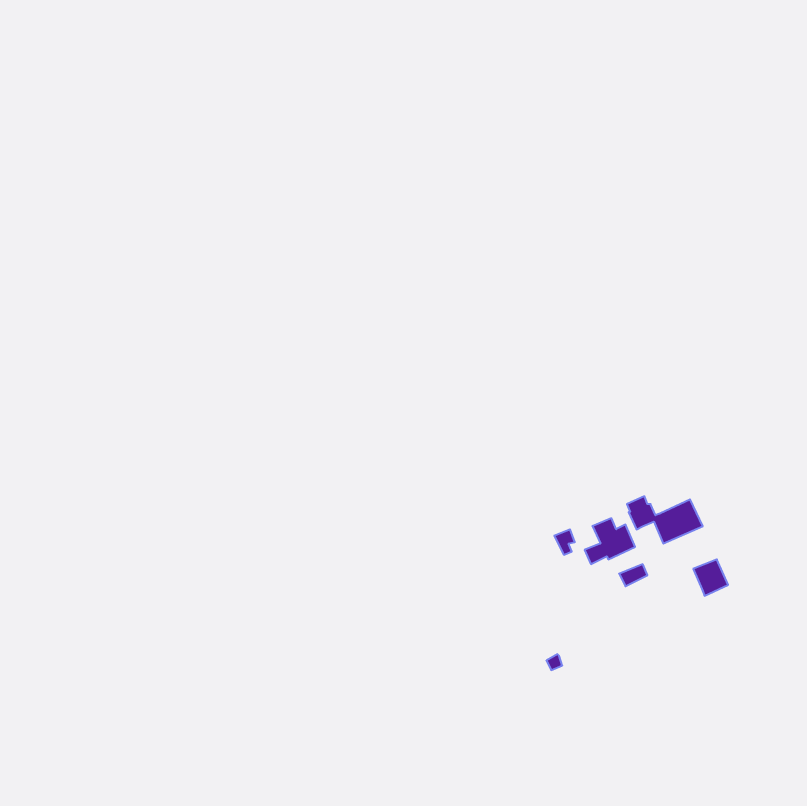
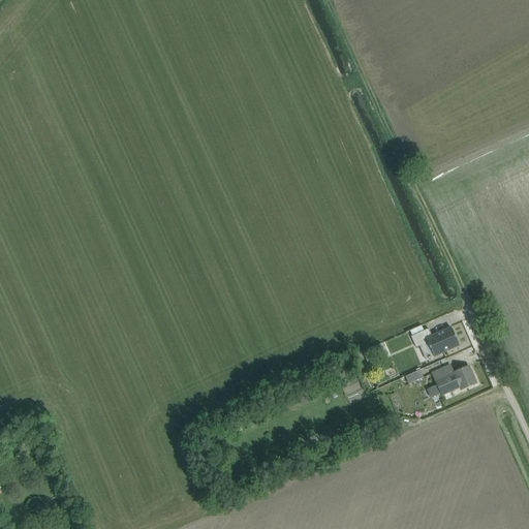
building: [585,518,635,564] -> [427,368,460,398]

